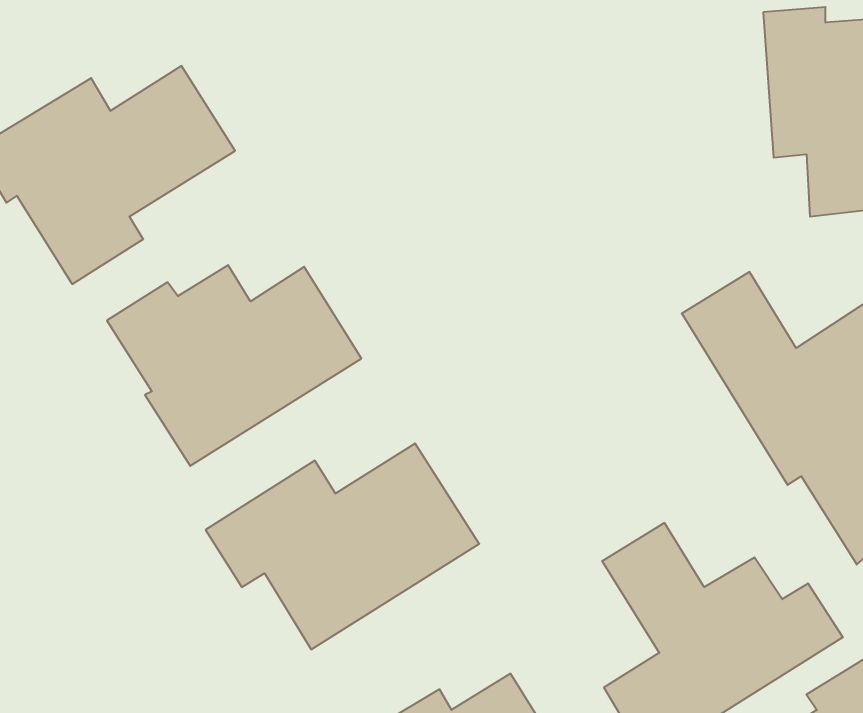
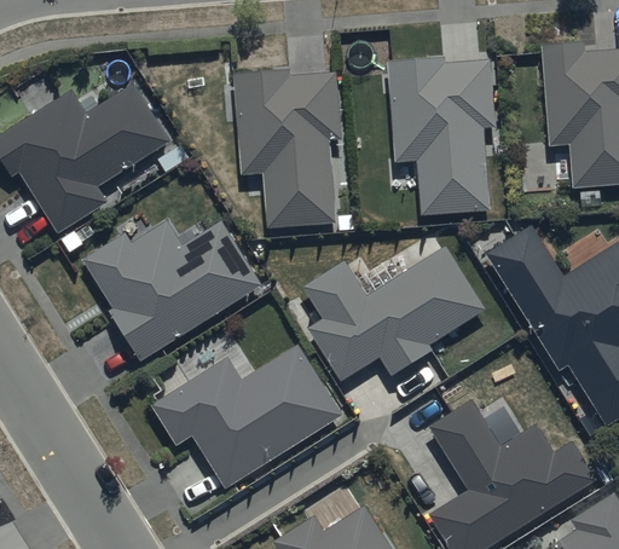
building: none -> [388,56,497,214]
building: none -> [235,69,342,226]
building: none -> [301,244,487,382]

